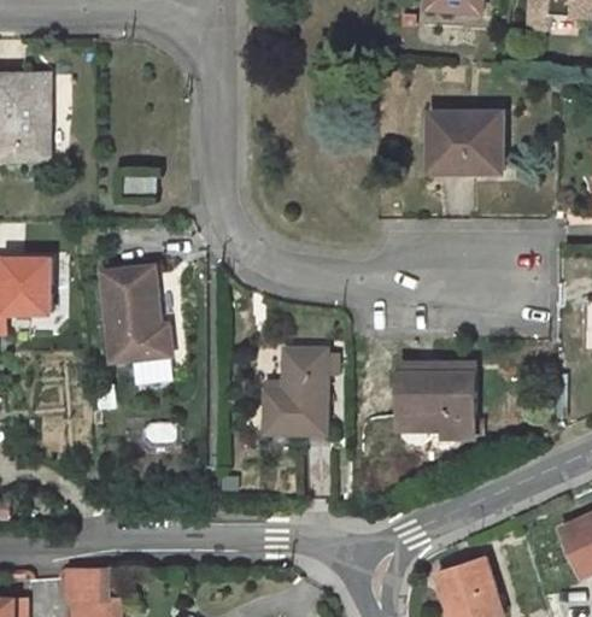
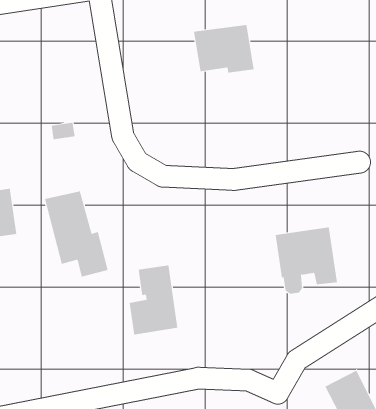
building: [429,111,503,172] -> [193,25,254,73]
building: [266,348,327,434] -> [129,265,178,335]

